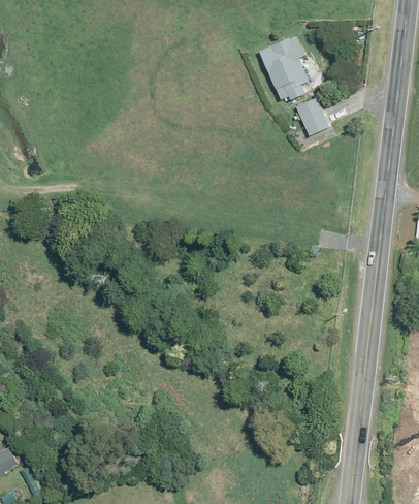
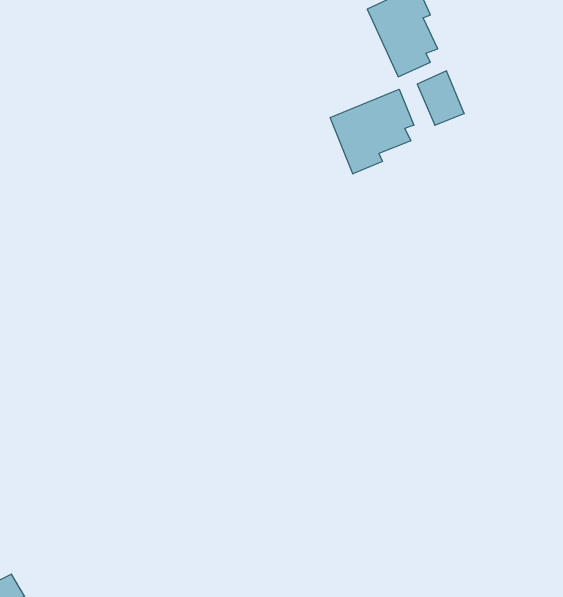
building: none -> [330,89,414,174]

